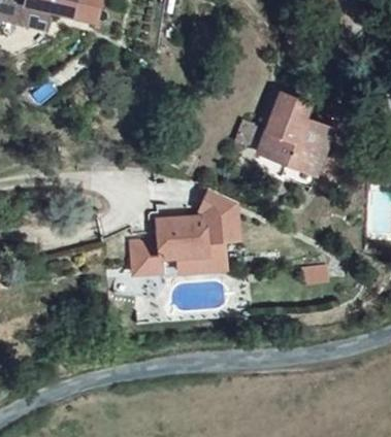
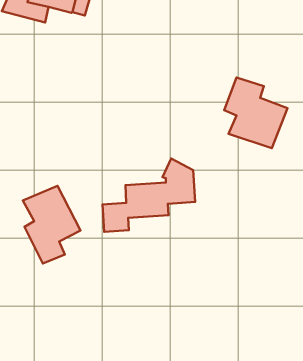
building: none -> [23,186,81,264]
building: [169,240,216,273] -> none

